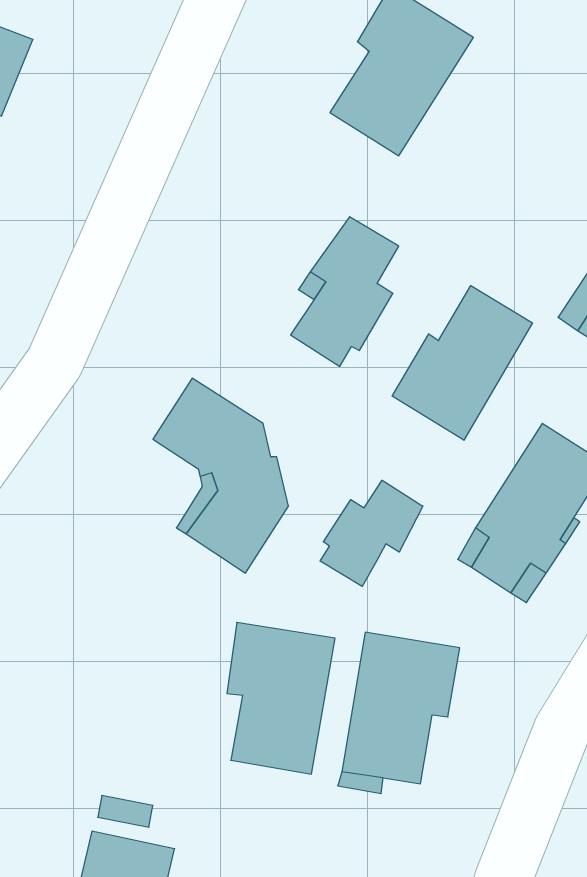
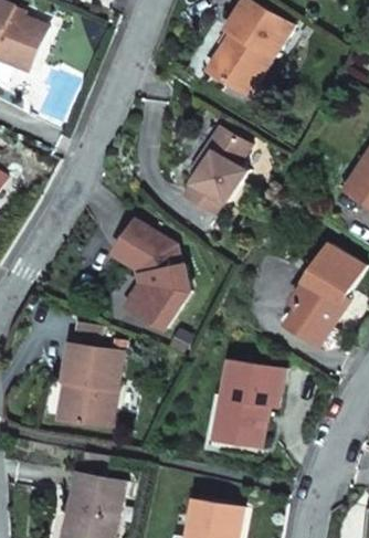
building: [392,286,533,440] -> none
building: [320,480,423,586] -> none
building: [227,622,335,774] -> [63,341,124,426]

